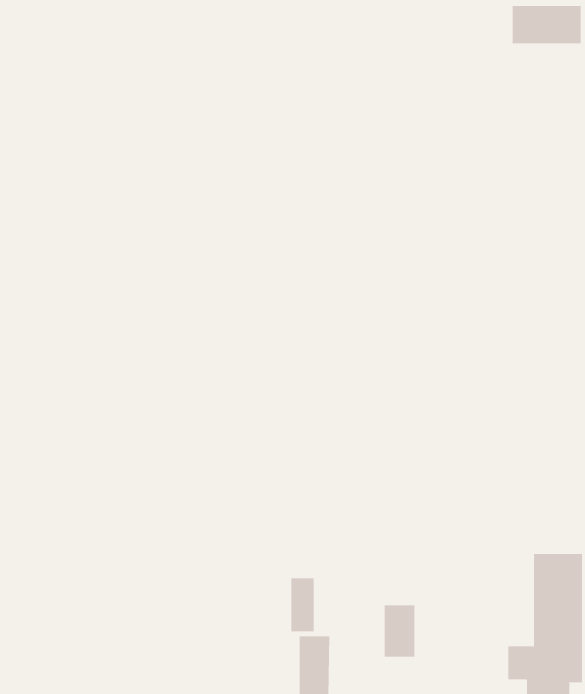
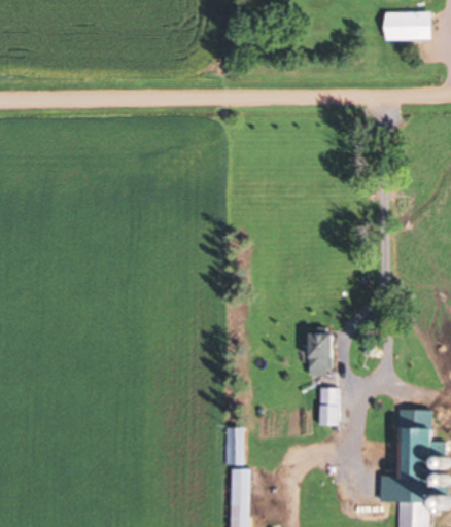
building: none -> [311,333,338,375]
building: [384,605,415,657] -> [318,388,341,426]

